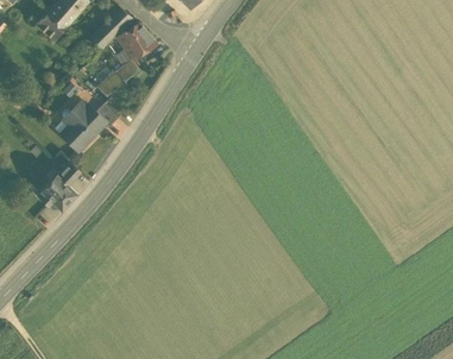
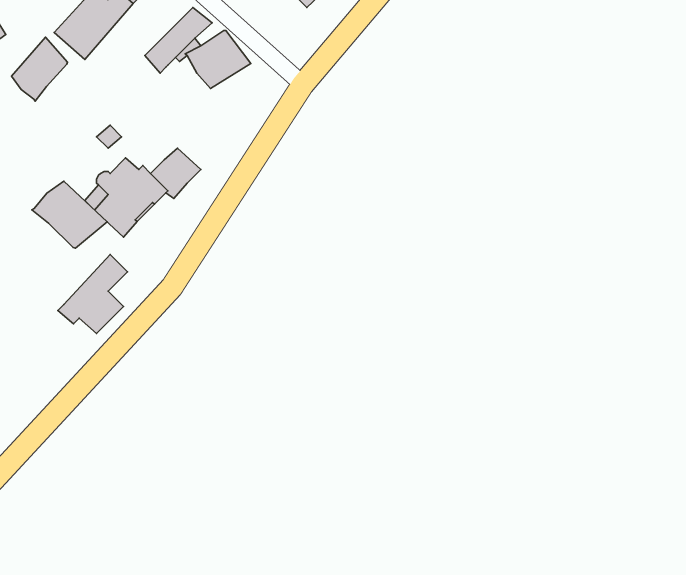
building: none -> [11,37,67,101]
building: [97,49,139,96] -> none
building: none -> [32,181,107,248]

